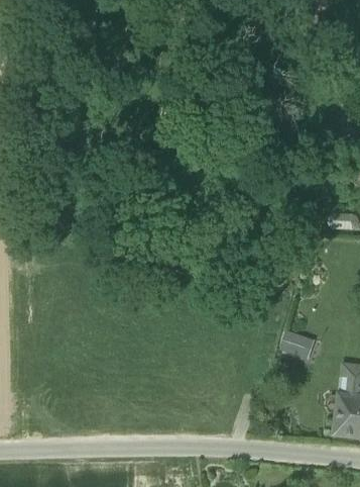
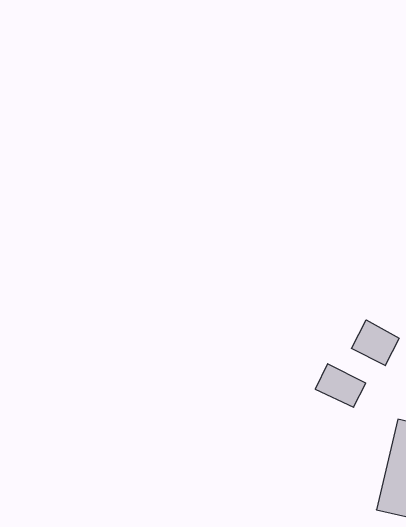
building: none -> [351,320,399,366]

